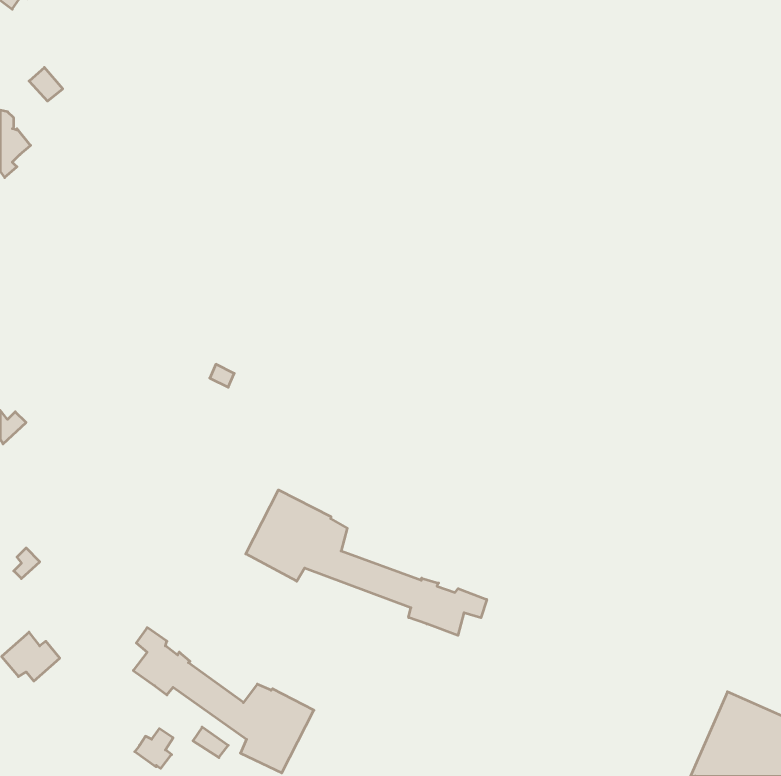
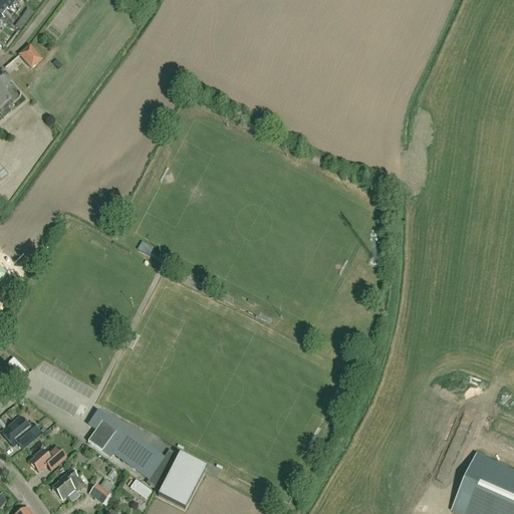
building: [246,490,487,635] -> none
building: none -> [30,446,66,471]
building: none -> [52,468,84,499]

